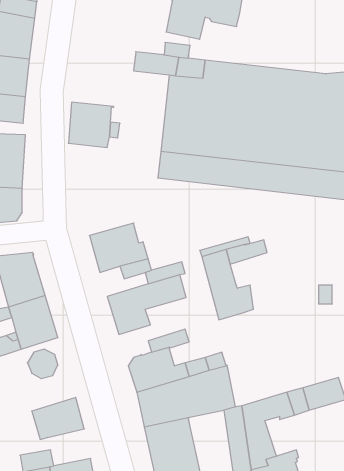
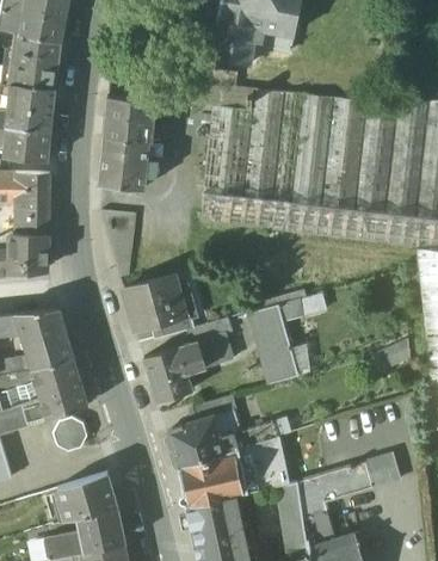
building: none -> [103,97,154,142]
building: none -> [101,211,135,278]
building: none -> [75,508,124,550]

